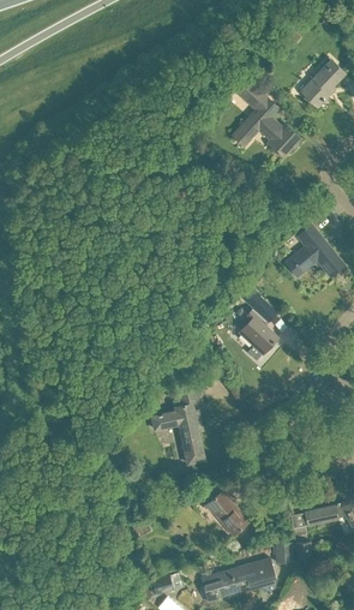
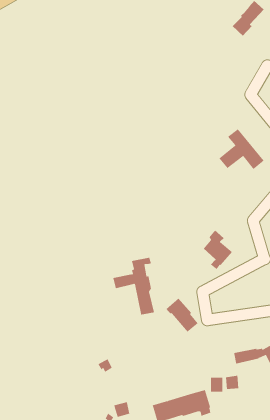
building: [233,80,300,157] -> none
building: [239,307,277,359] -> [203,230,233,270]
building: [205,491,247,536] -> [165,298,198,332]

